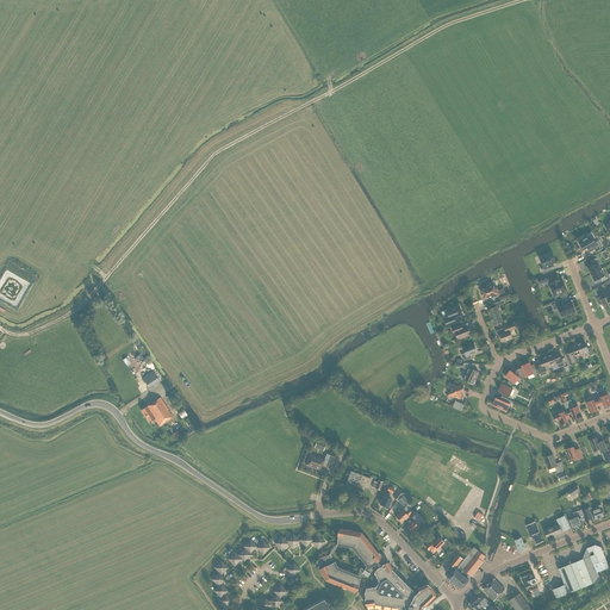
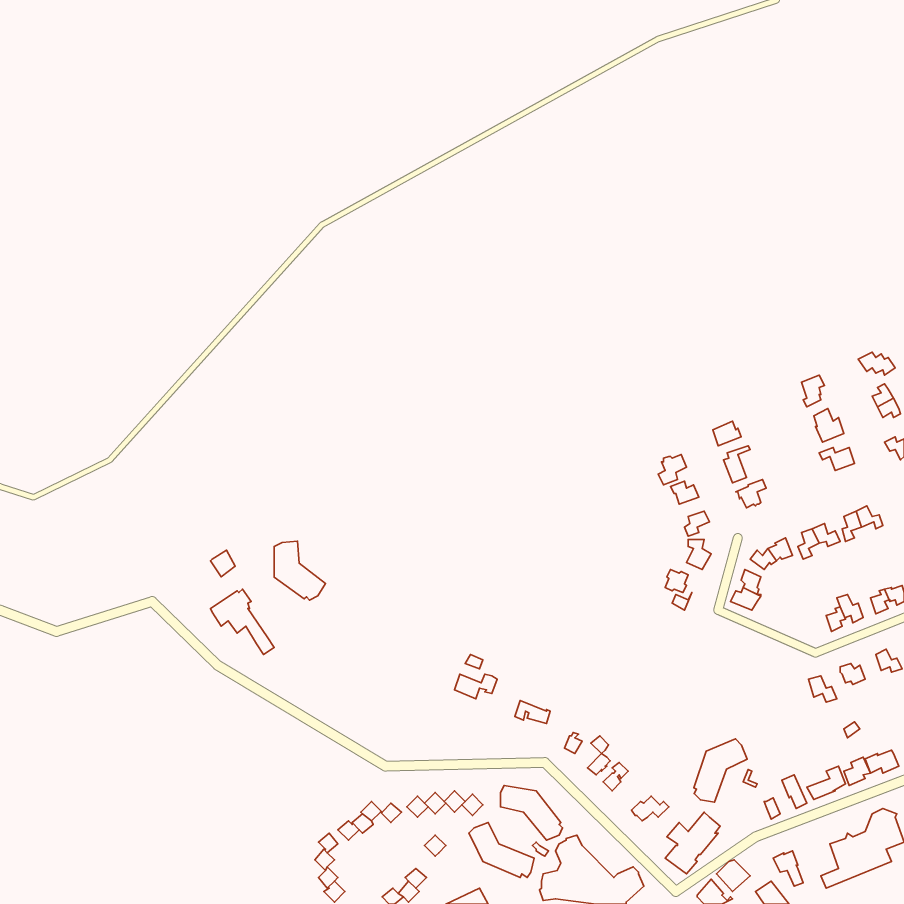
building: none -> [274,541,326,600]
building: none -> [694,739,747,802]

